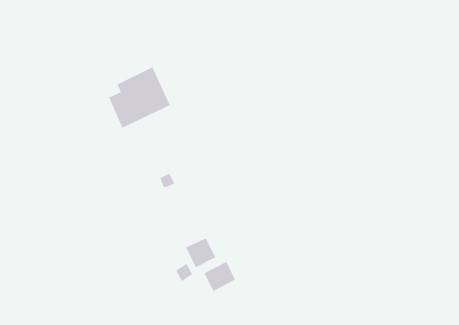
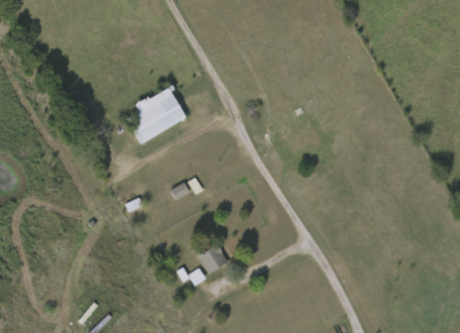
building: [203,261,236,292] -> none

